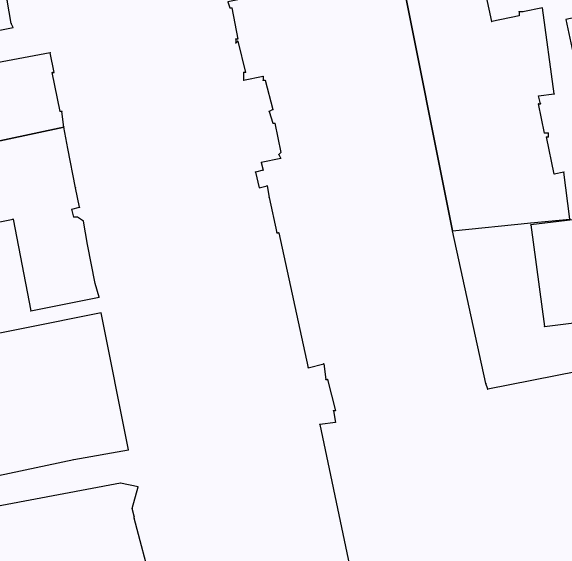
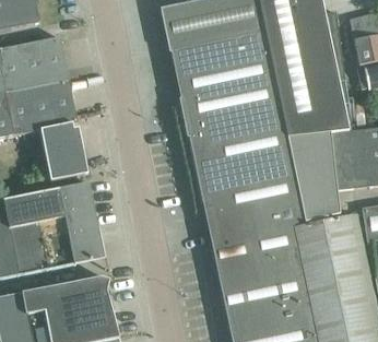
building: none -> [285,131,339,221]

